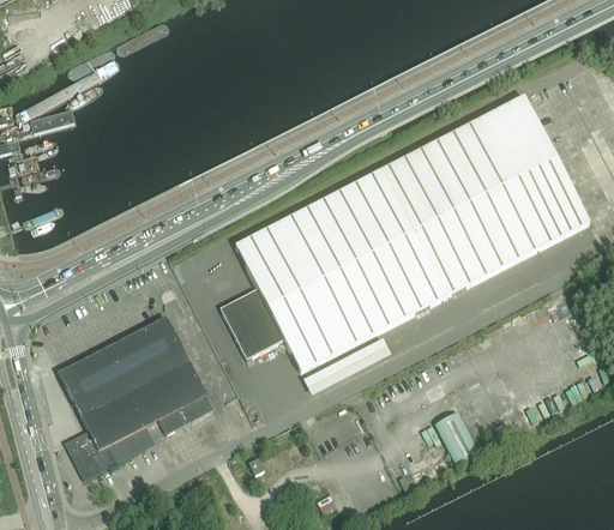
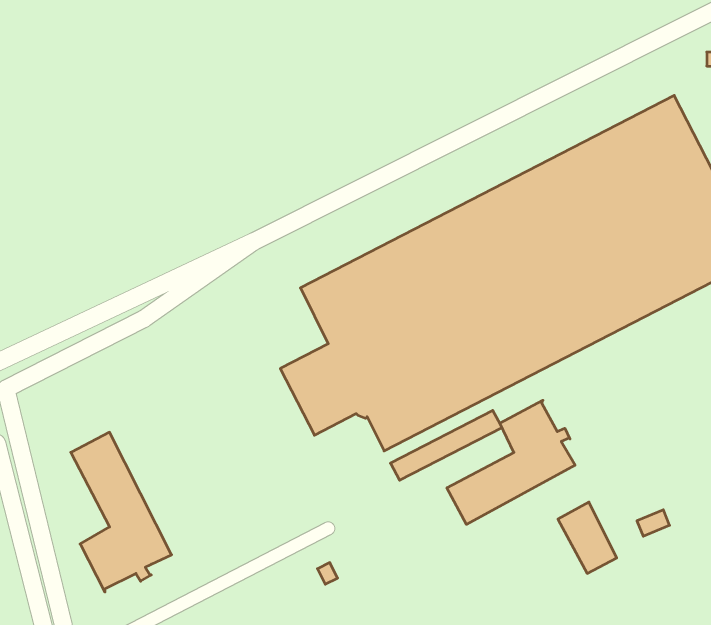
building: [89,317,213,451] -> none
building: none -> [447,400,575,524]

